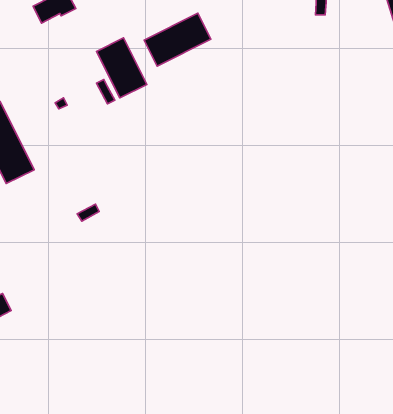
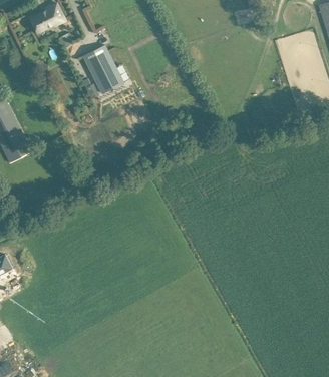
building: [144,13,211,66] -> none

